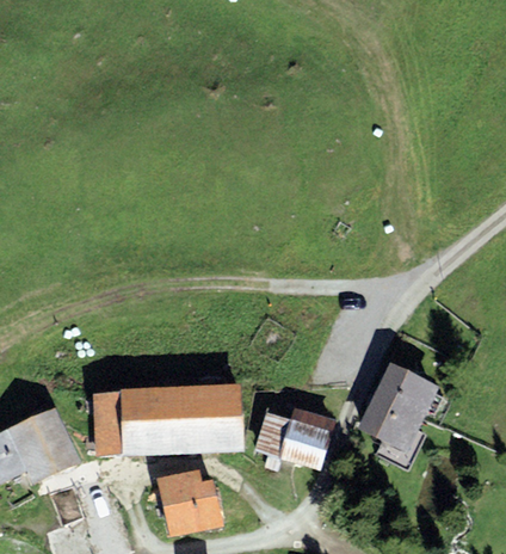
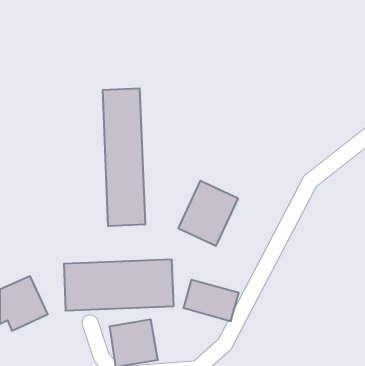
building: none -> [103,88,145,226]
building: [358,363,439,451] -> [178,181,238,246]

